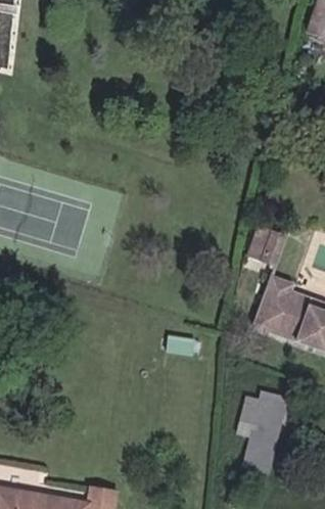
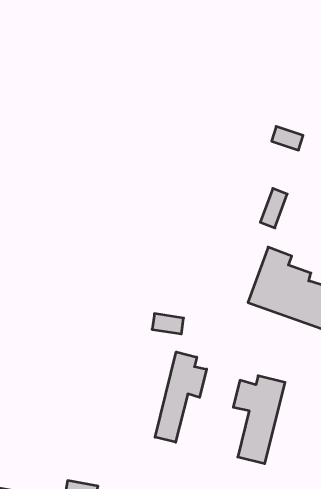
building: none -> [155,352,207,442]

